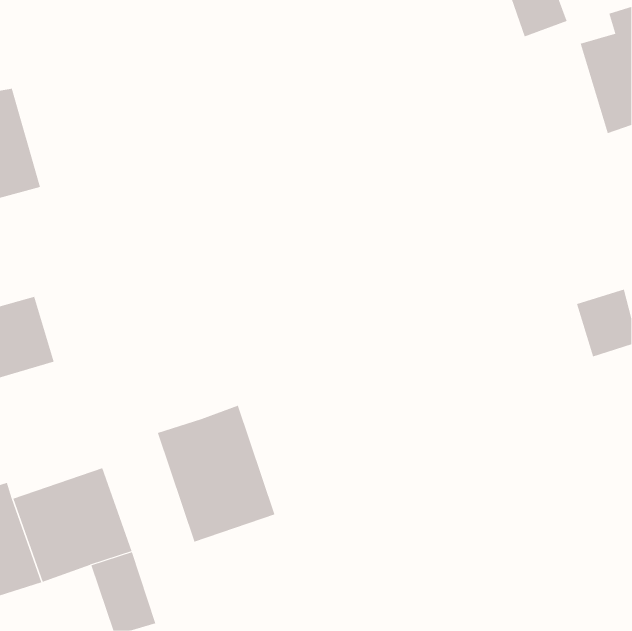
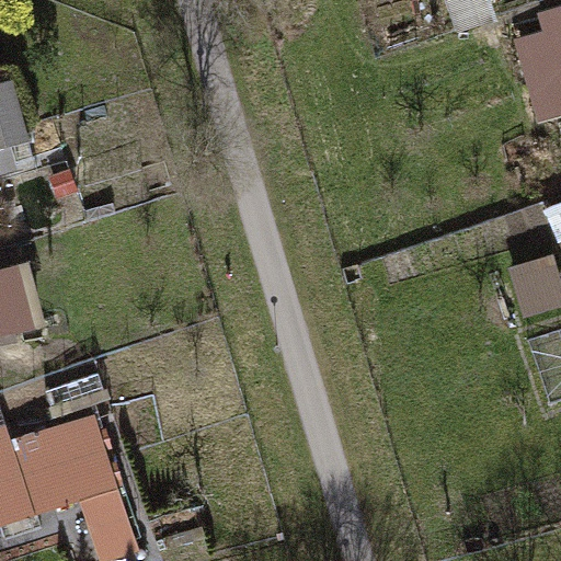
building: [157,405,275,542] -> none

